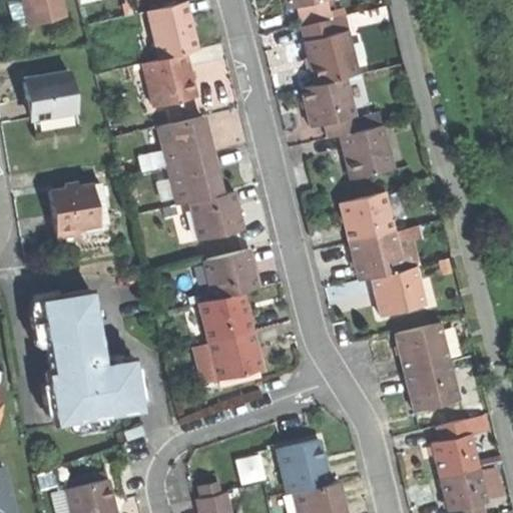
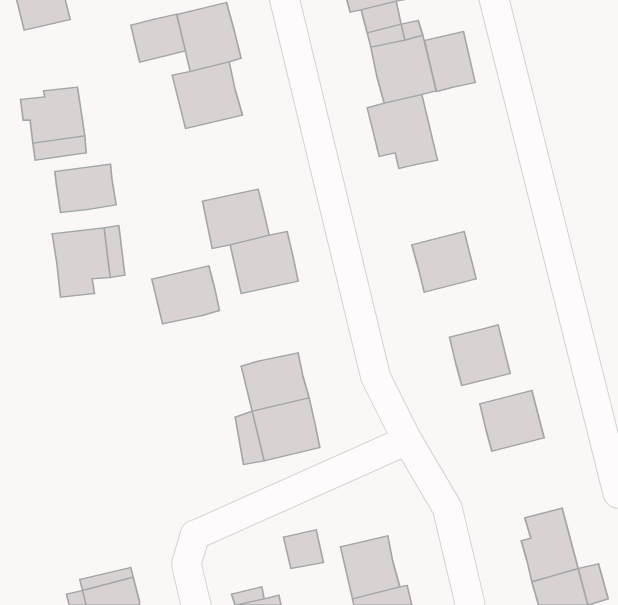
building: none -> [131,14,185,62]
building: none -> [424,31,475,92]
building: [158,116,213,166] -> none
building: [343,126,394,180] -> none
building: none -> [55,164,116,212]
building: [351,230,404,282] -> none
building: [204,250,261,299] -> [152,266,220,324]
building: [35,293,136,427] -> none
building: [407,362,460,411] -> none

